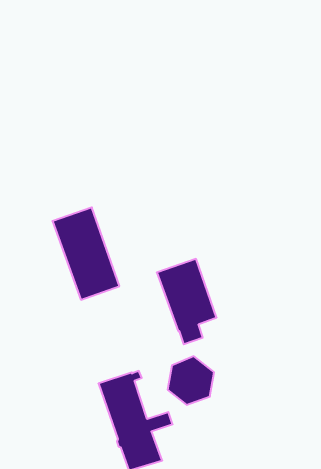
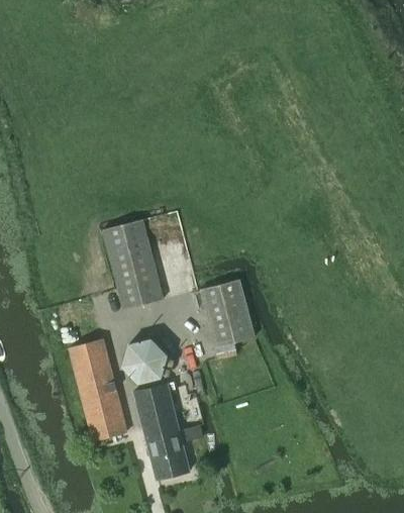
building: none -> [69,340,126,439]
building: [168,356,214,405] -> [121,339,168,386]

